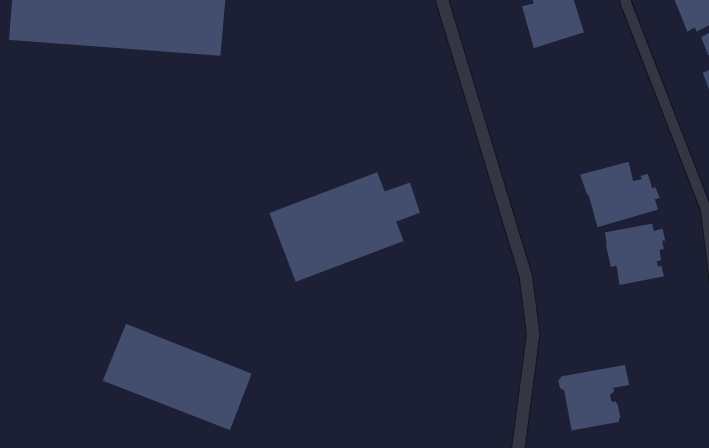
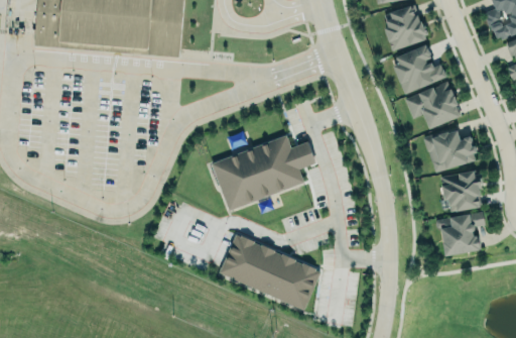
building: none -> [393,43,446,93]
building: none -> [404,80,462,129]
building: [102,323,253,431] -> [219,235,321,309]
building: [558,364,630,431] -> [436,210,486,255]

